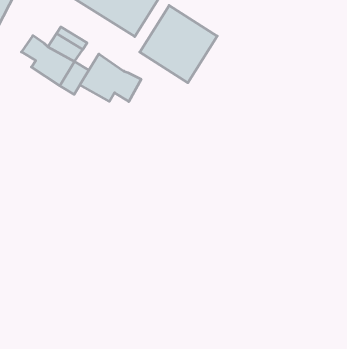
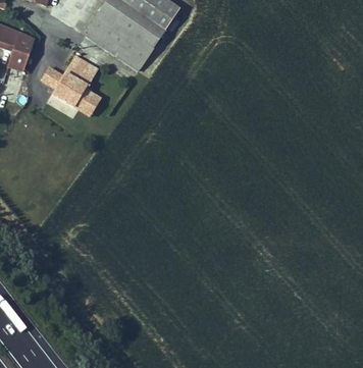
building: [140,5,217,83] -> none
building: [80,54,141,102] -> none

